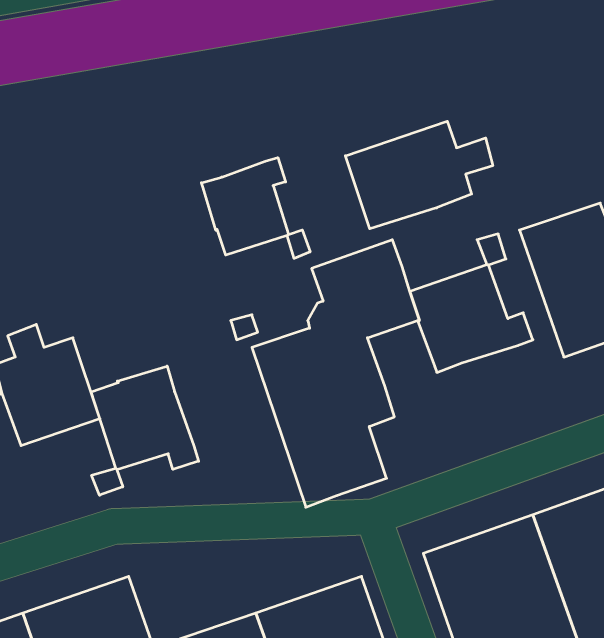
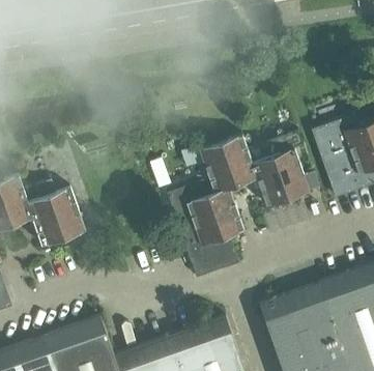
building: [345,121,493,229] -> none
building: [201,158,310,258] -> none
building: [91,366,199,495] -> none

